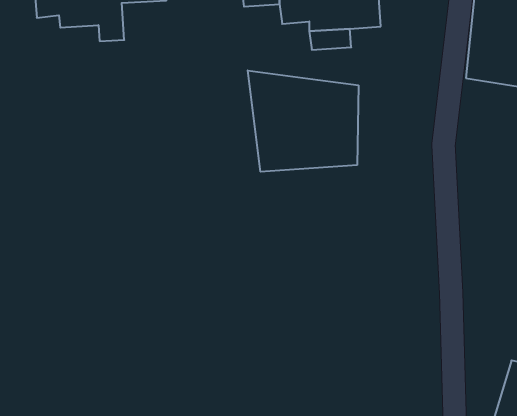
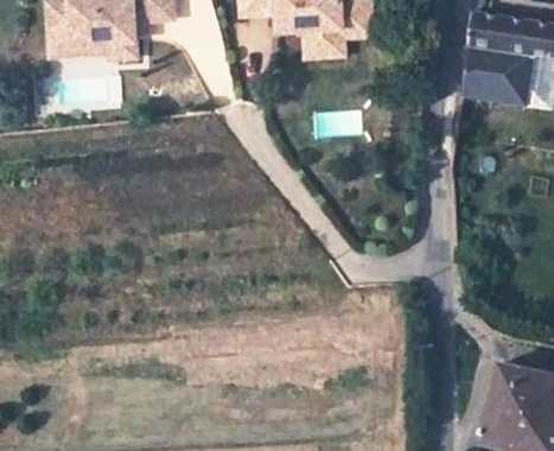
building: none -> [47,31,108,59]
building: [248,70,358,172] -> none

